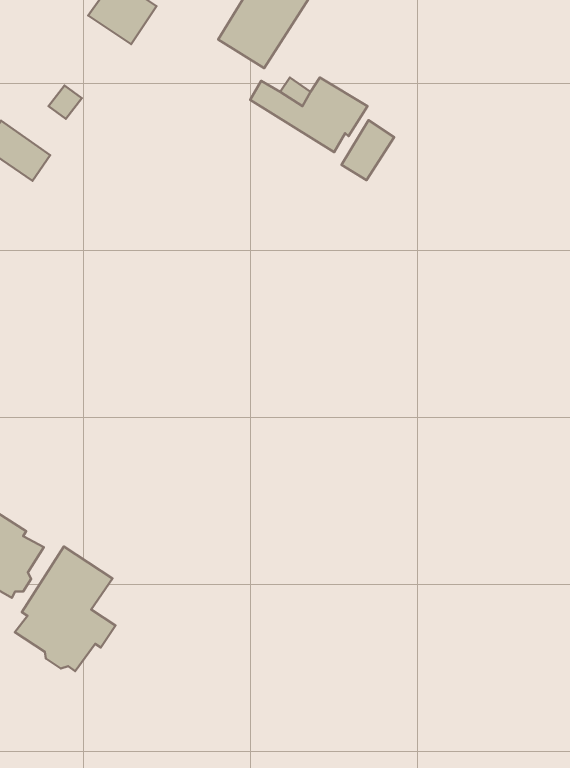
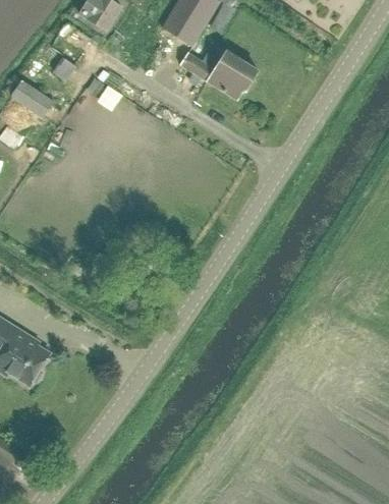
building: [342,120,394,180] -> none
building: [15,547,115,671] -> none

